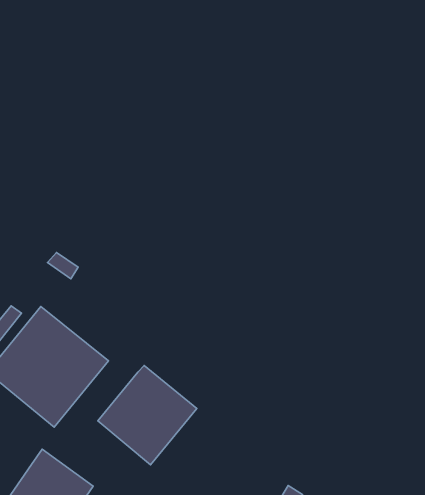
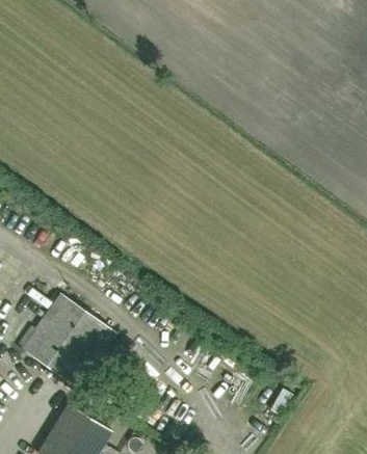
building: [98,366,197,465] -> none

